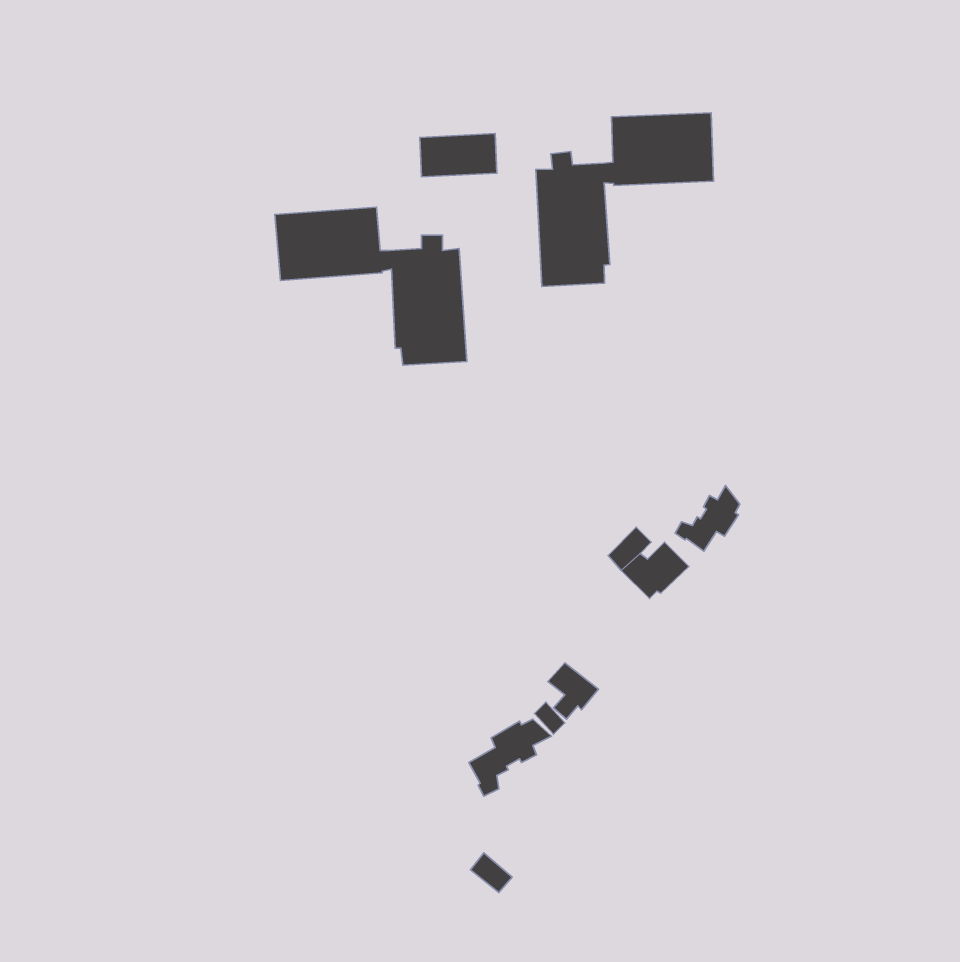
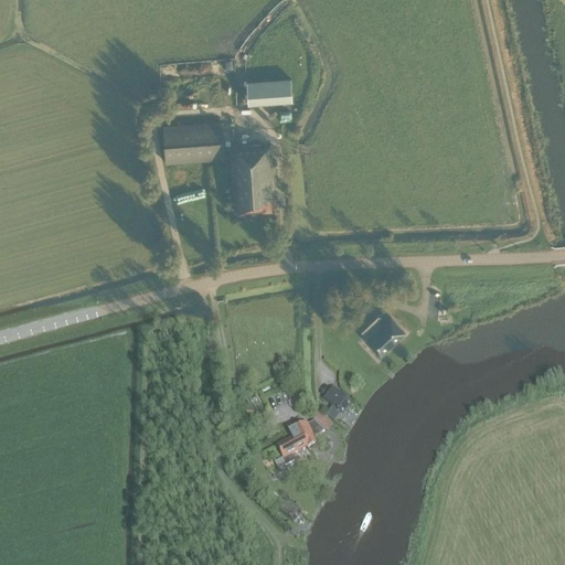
building: [536,113,713,287] -> none
building: [675,486,740,551] -> none

